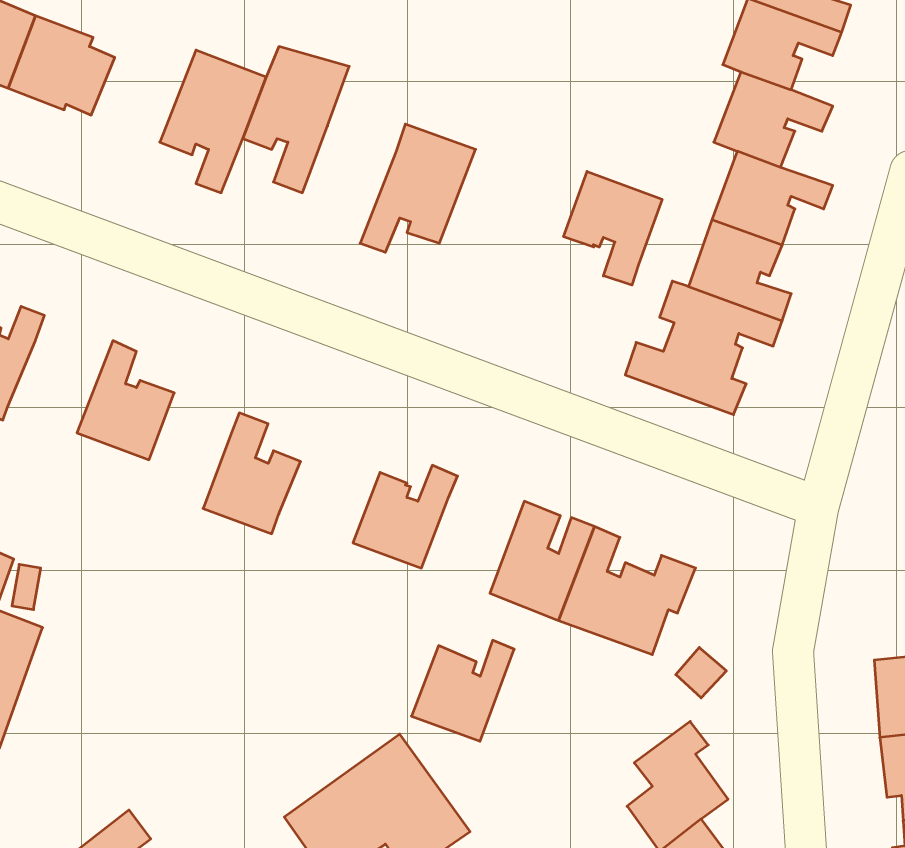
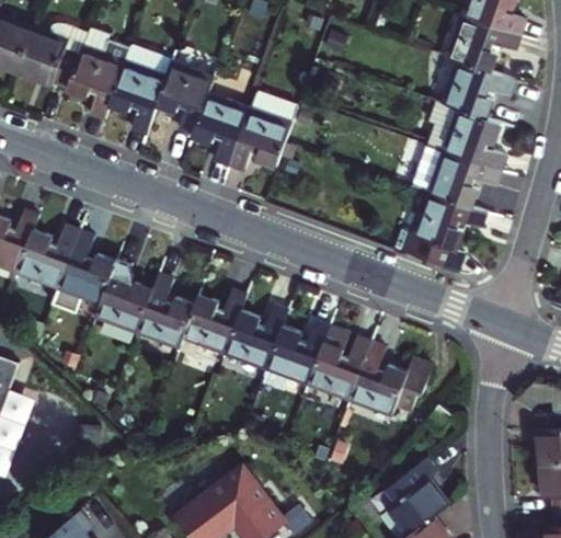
building: none -> [62,34,126,122]
building: none -> [191,96,248,168]
building: [564,171,662,285] -> none
building: none -> [12,221,76,283]
building: none -> [92,256,147,329]
building: none -> [176,287,242,350]
building: [411,640,514,741] -> [263,319,325,380]

